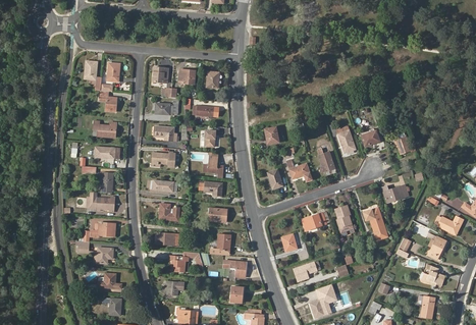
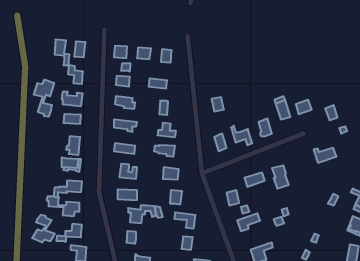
building: none -> [34,80,54,117]
building: [363,206,388,239] -> none
building: none -> [32,215,55,243]

